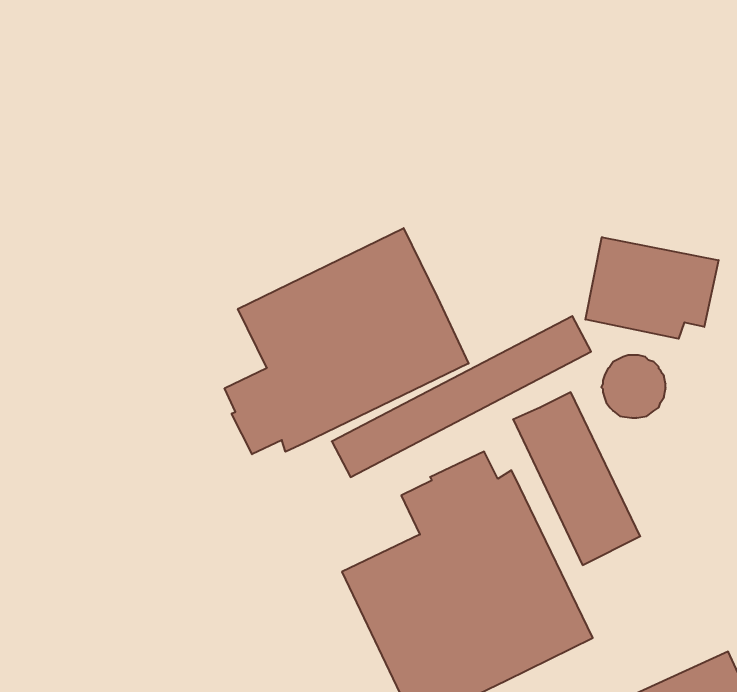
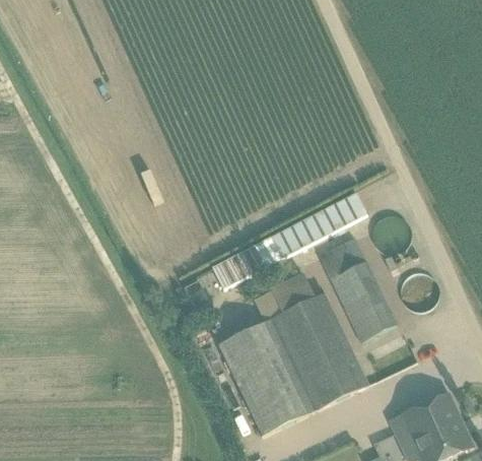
building: [225,228,469,454] -> none
building: [585,237,719,339] -> none

